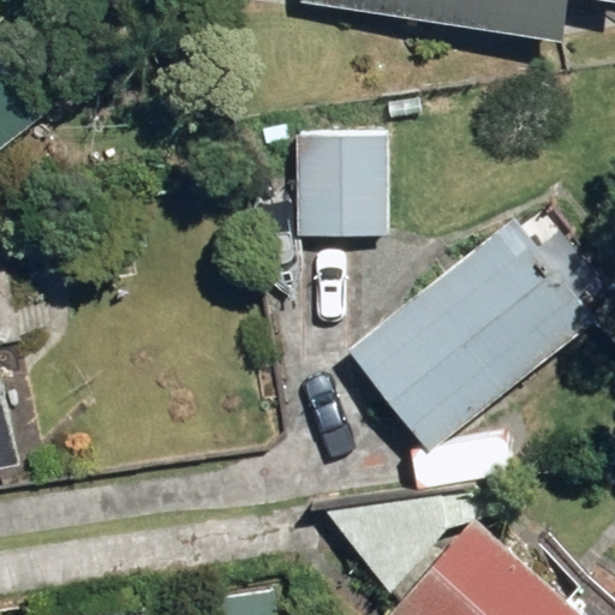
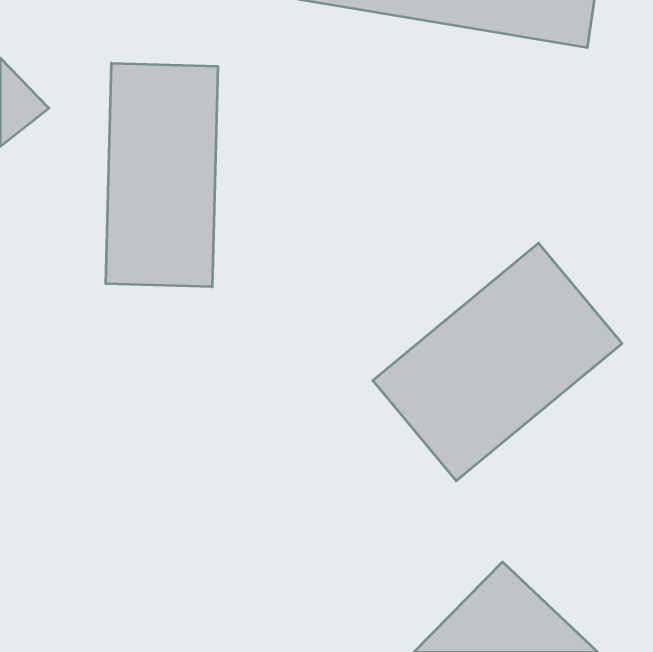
building: none -> [106,63,218,287]
building: [299,138,388,233] -> none

